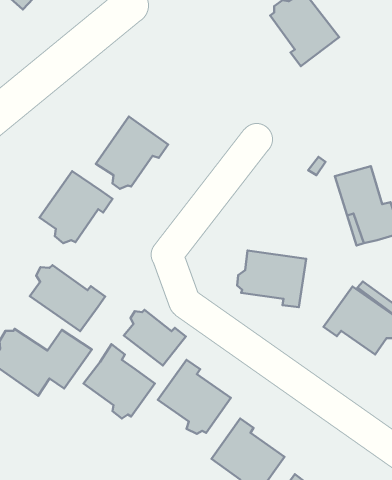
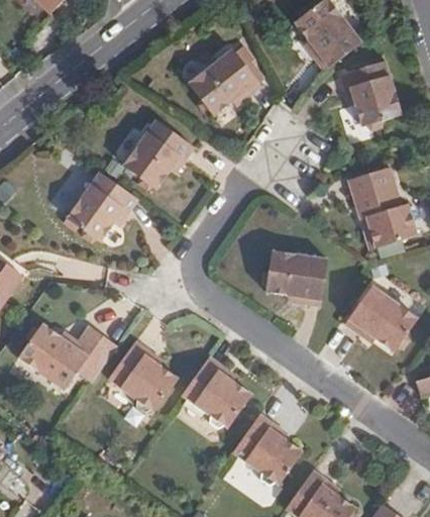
building: none -> [186,48,259,116]
building: none -> [337,57,401,126]
building: [30,265,105,331] -> none
building: [124,310,186,365] -> none

